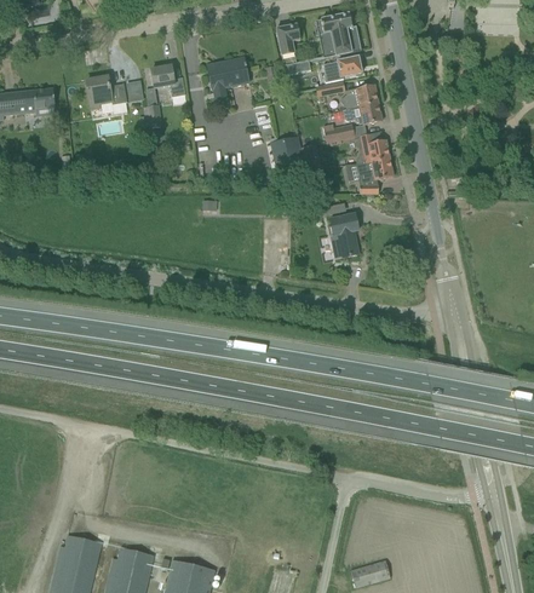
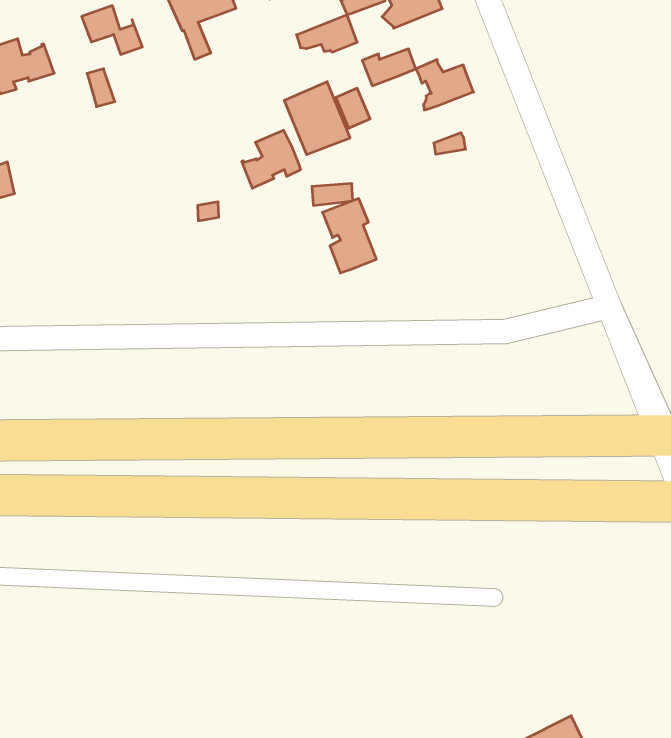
building: [345,102,383,123] -> [296,15,357,52]
building: [356,157,394,183] -> none
building: none -> [242,130,300,188]
building: [331,213,360,258] -> [322,199,376,273]

